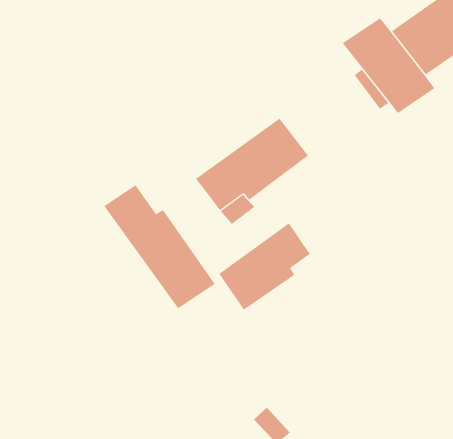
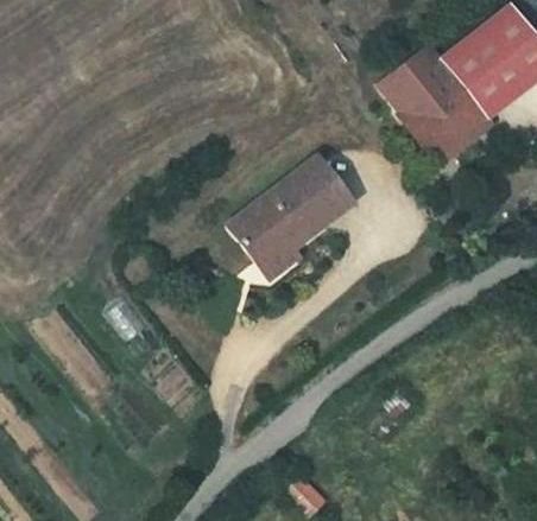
building: [104,185,216,309] -> none
building: [218,223,311,311] -> none

